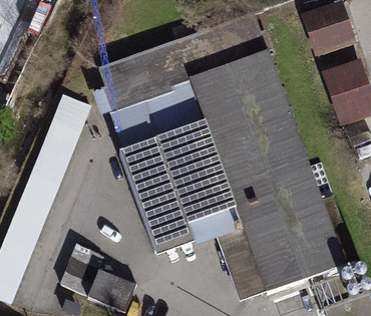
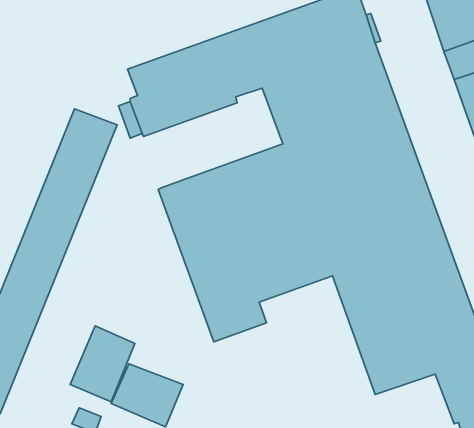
building: [109,79,205,147] -> none
building: [189,208,268,299] -> none

